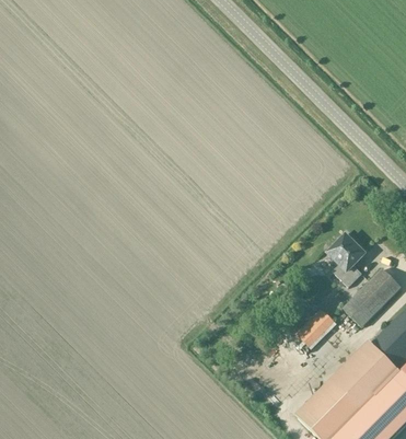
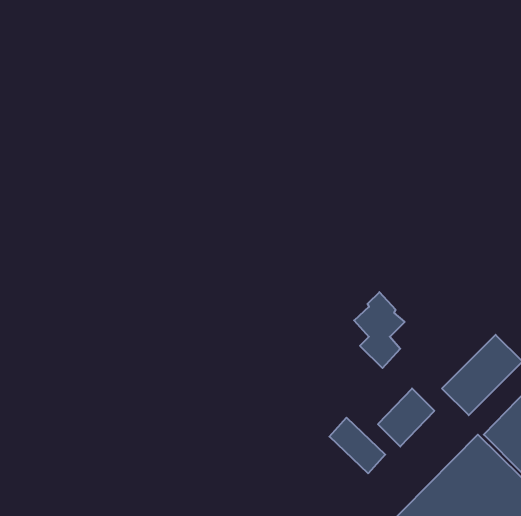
building: [327,231,364,287] -> [354,292,405,368]
building: none -> [329,418,385,473]

